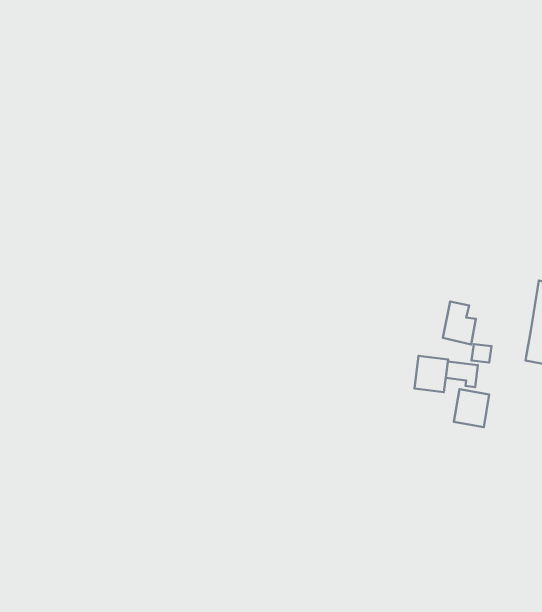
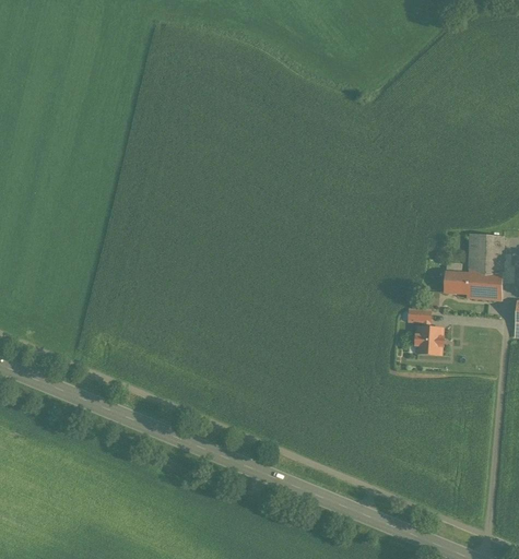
building: [443,302,476,344] -> [444,263,468,295]
building: [414,356,448,392] -> none

